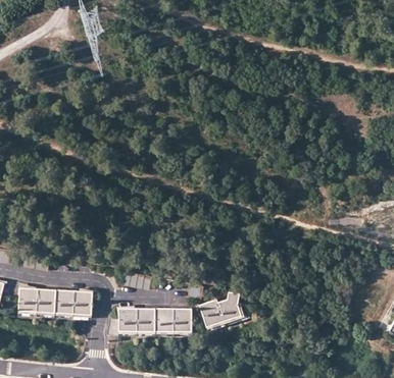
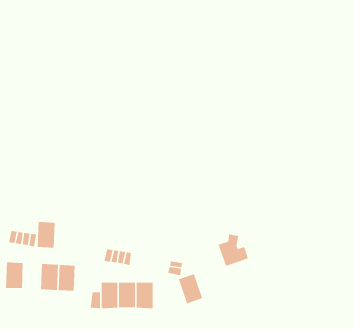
building: [37,287,56,316] -> [37,221,55,248]
building: [217,290,250,325] -> [218,233,249,267]
building: [174,308,192,336] -> none

